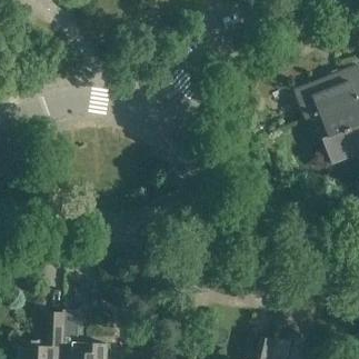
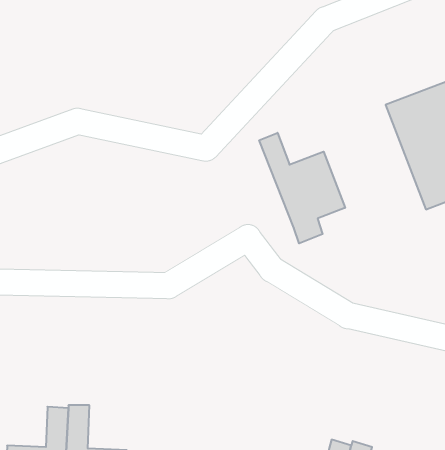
building: none -> [259,133,345,243]

